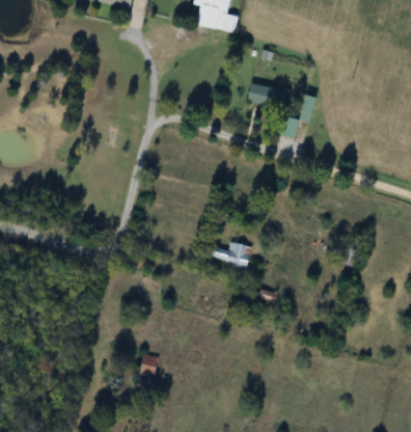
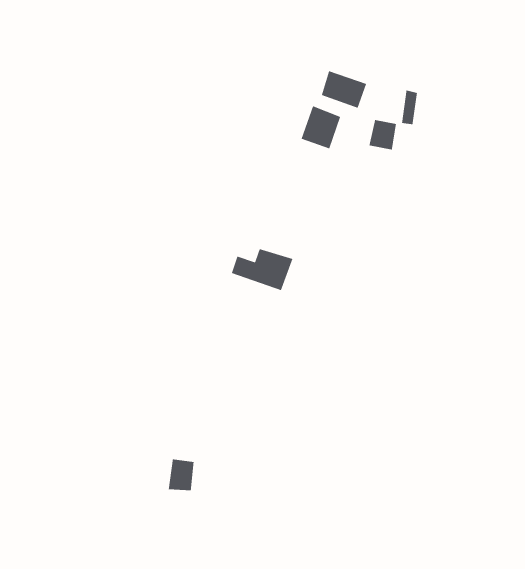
building: none -> [300,105,341,149]
building: [210,241,253,271] -> [231,248,293,291]

